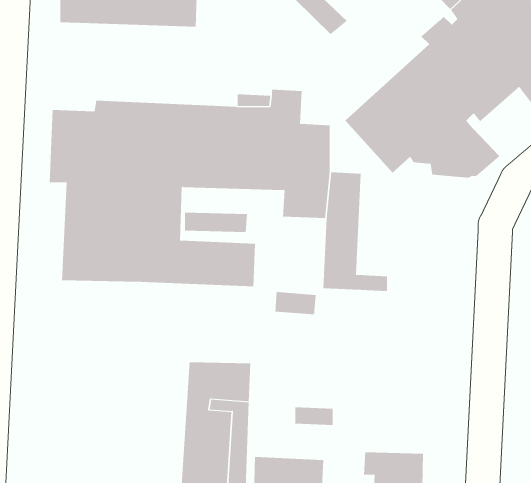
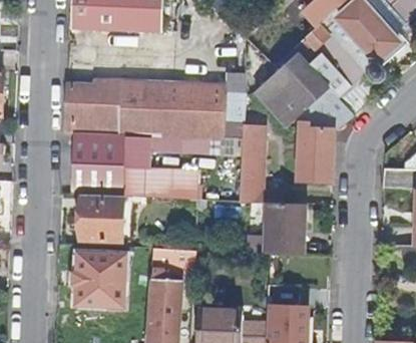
building: none -> [296,119,335,181]
building: none -> [80,196,123,242]
building: none -> [249,202,307,253]
building: none -> [74,255,123,305]

